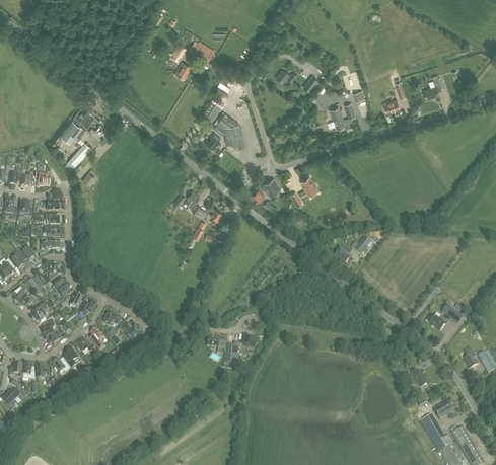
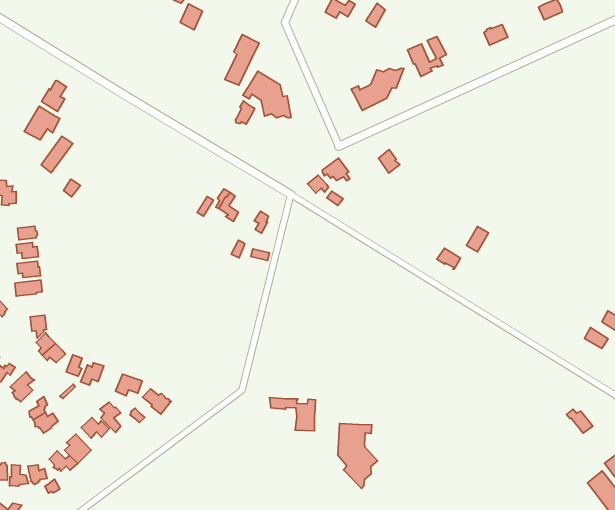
building: none -> [351,68,404,110]
building: none -> [338,423,378,489]

